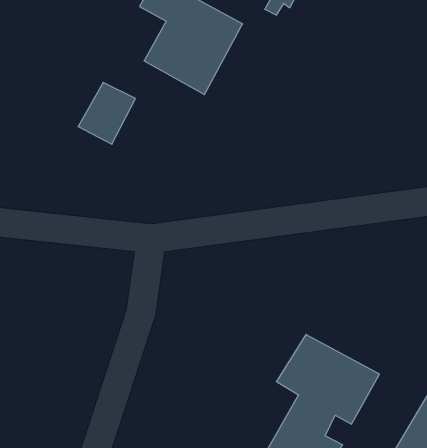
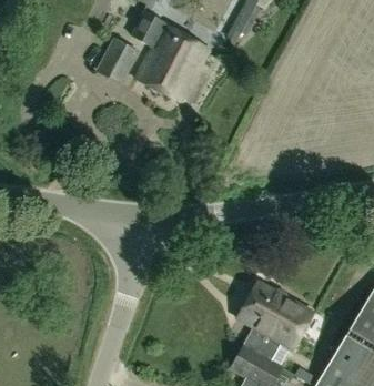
building: [78,82,135,144] -> [97,38,140,84]

